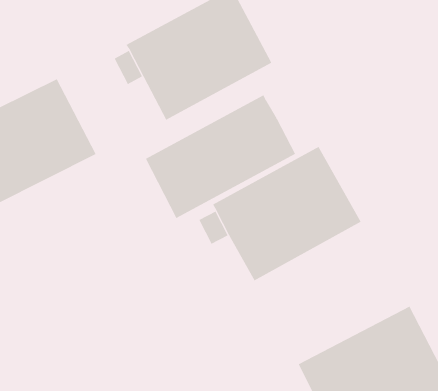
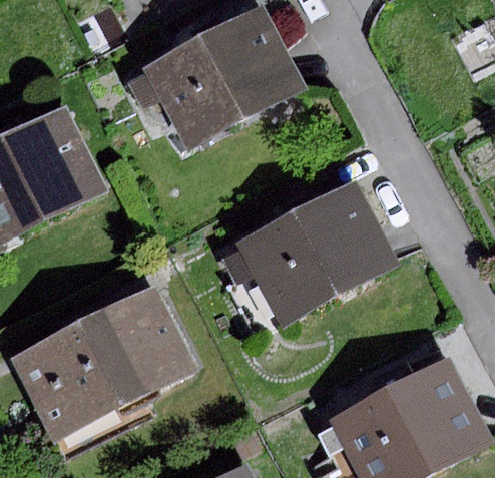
building: [145,94,296,219] -> none
building: none -> [9,284,194,440]

